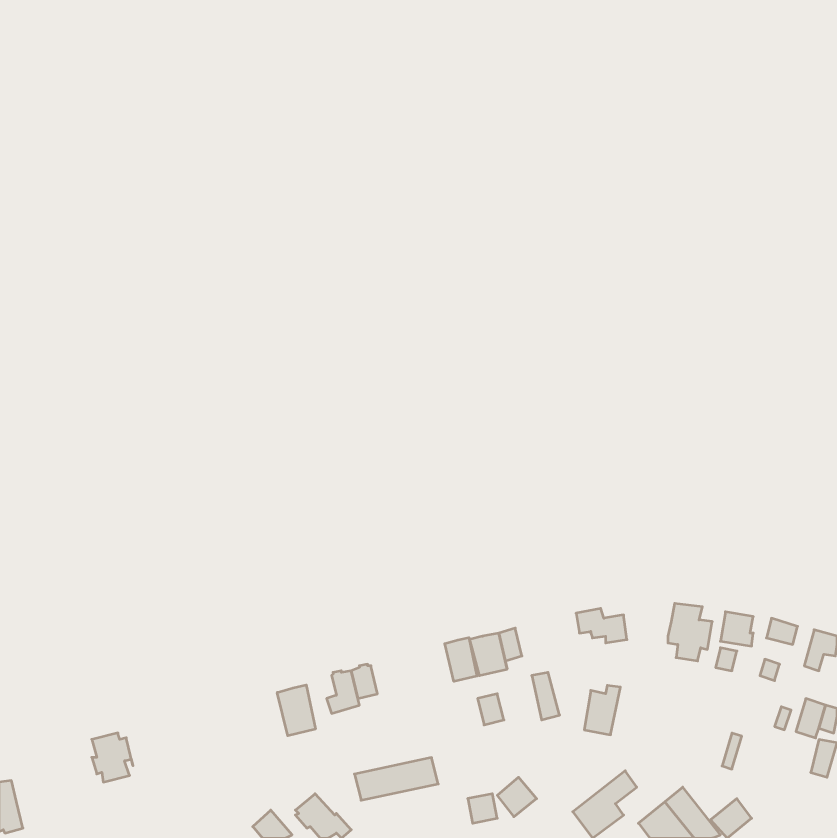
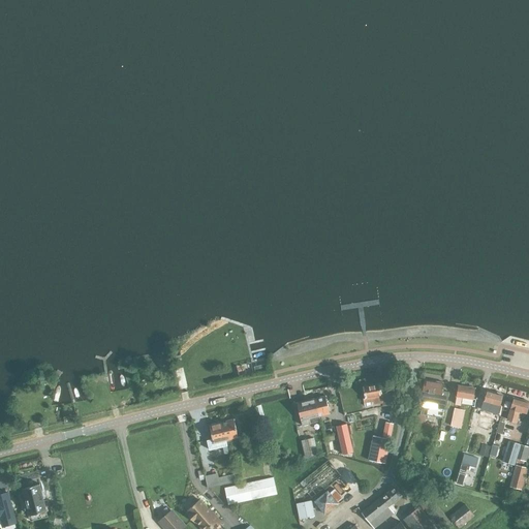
building: [445,638,477,681] -> none
building: [277,685,315,736] -> none
building: [92,733,133,782] -> [22,484,48,515]

